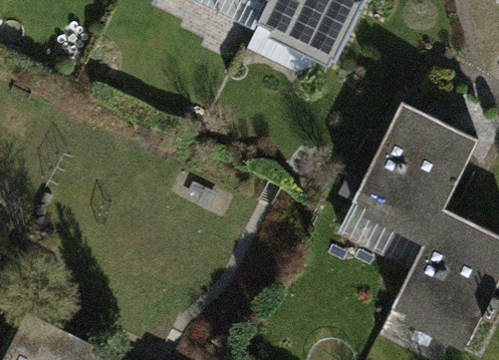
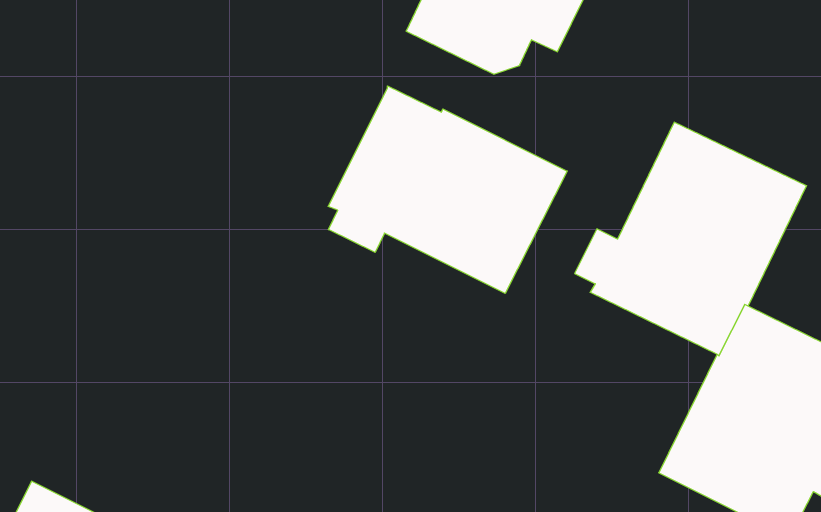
building: none -> [328,86,567,293]

